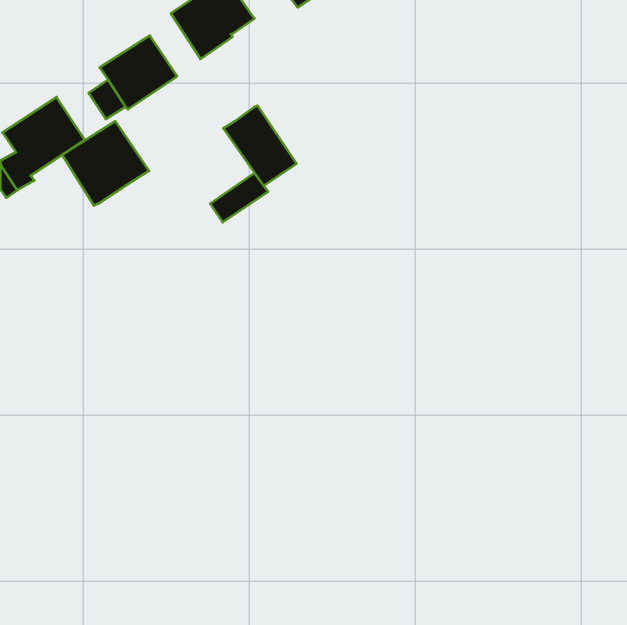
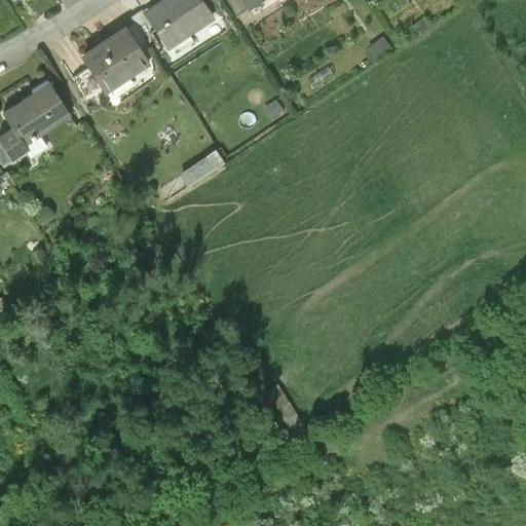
building: [223,106,296,186] -> none
building: [62,121,149,206] -> none

